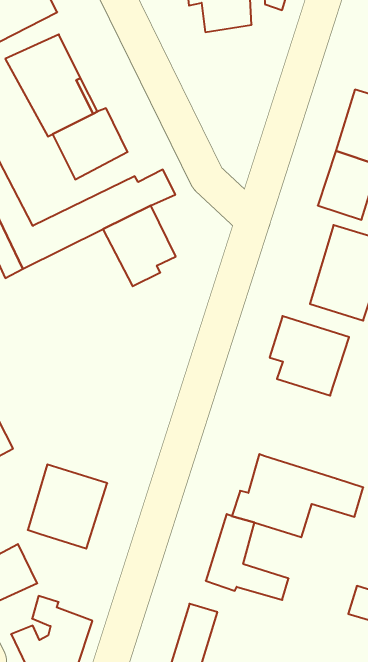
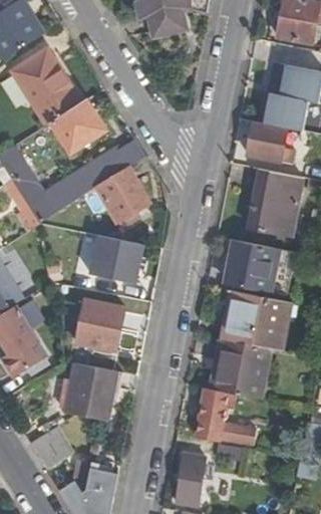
building: none -> [89,234,142,282]
building: none -> [75,298,123,350]
building: none -> [229,290,293,351]

